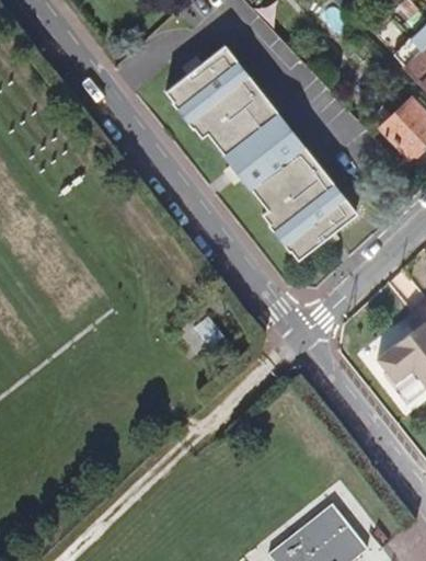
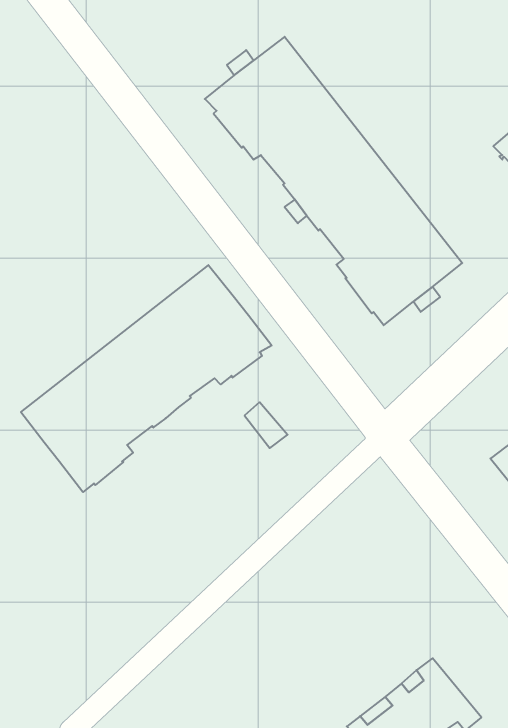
building: none -> [21,265,272,492]

